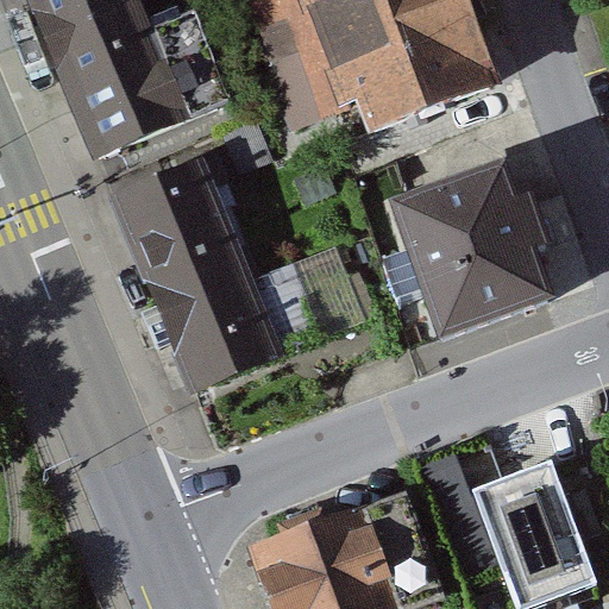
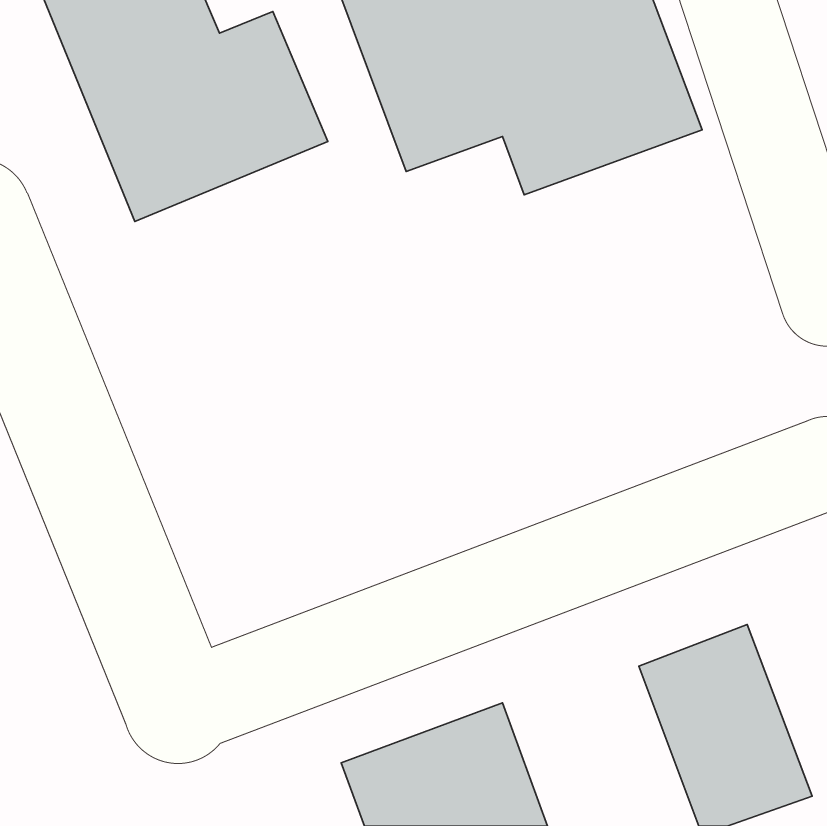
building: [108,151,285,389] -> none
building: [398,163,561,340] -> none

